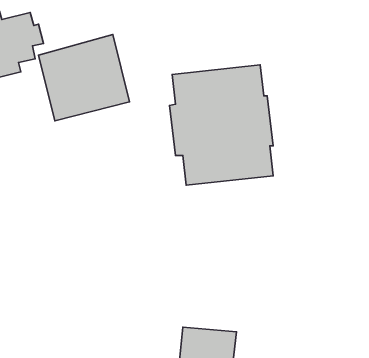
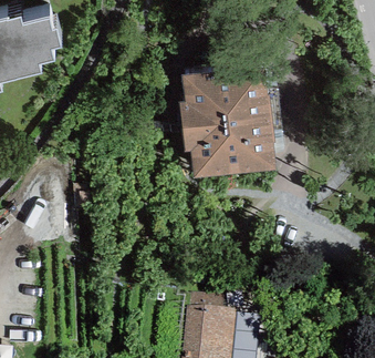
building: [39,35,129,121] -> none

